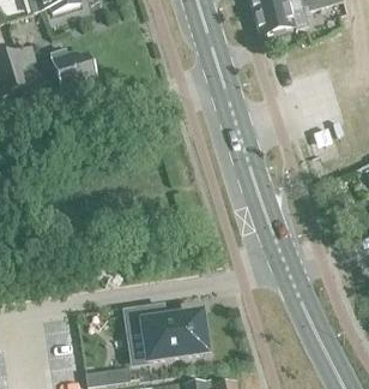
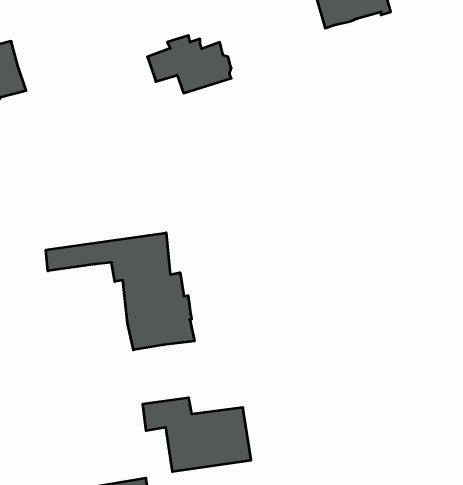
building: [35,48,96,90] -> [147,36,231,93]
building: none -> [46,233,194,350]

